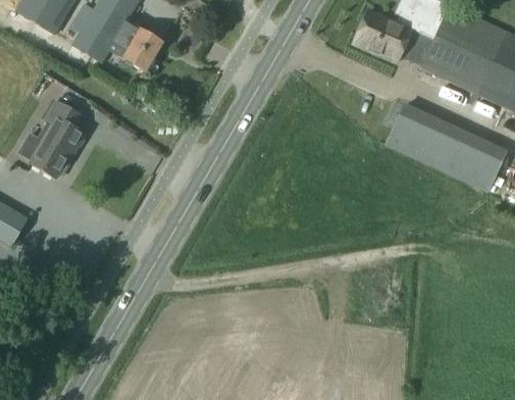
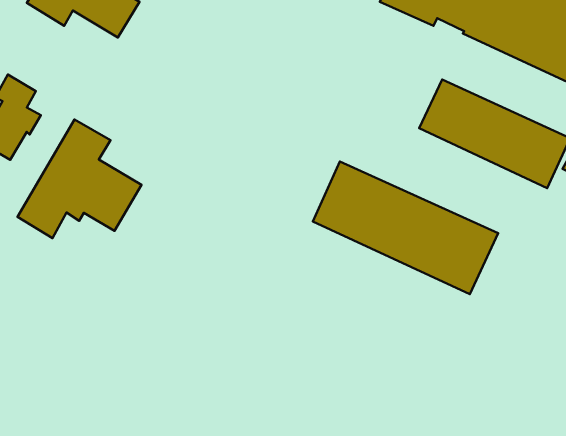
building: none -> [17,119,142,238]
building: none -> [313,161,498,294]

